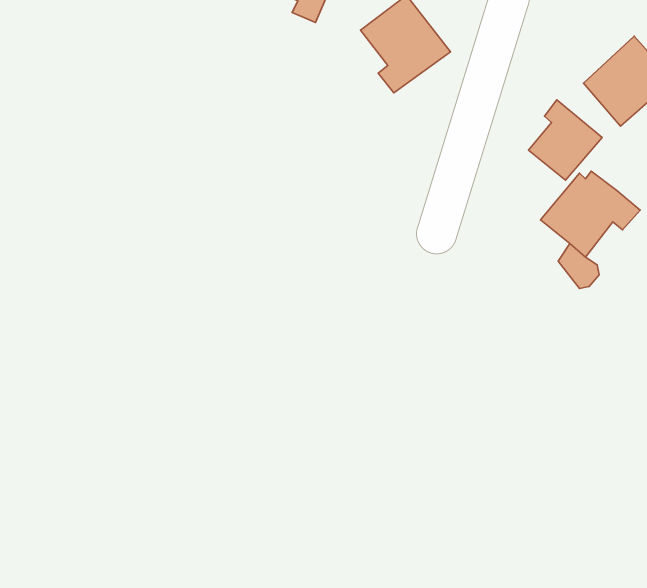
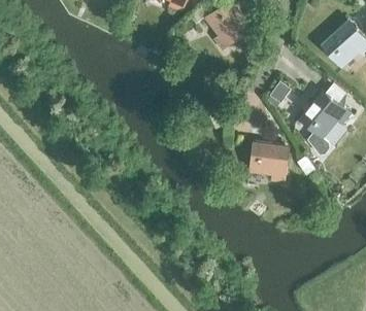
building: [528,100,602,180] -> none
building: none -> [248,141,289,181]

